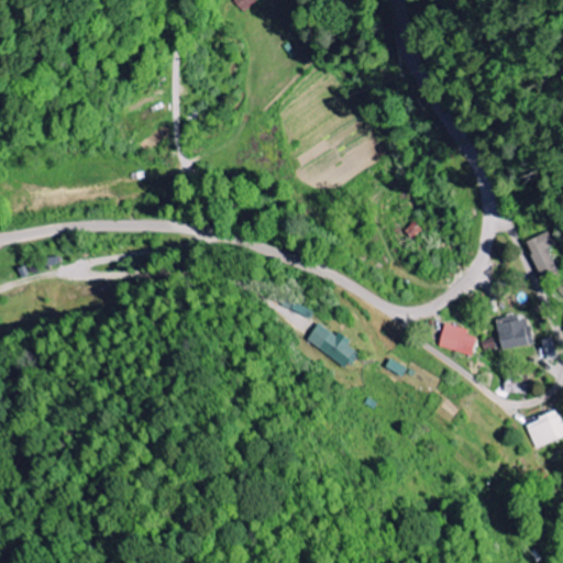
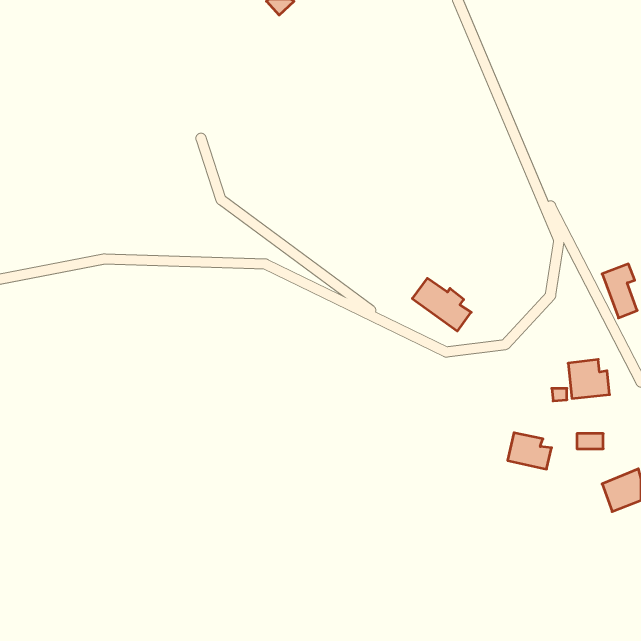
building: [307,322,358,368] -> [412,278,471,331]
building: [439,323,477,355] -> [508,433,552,469]

